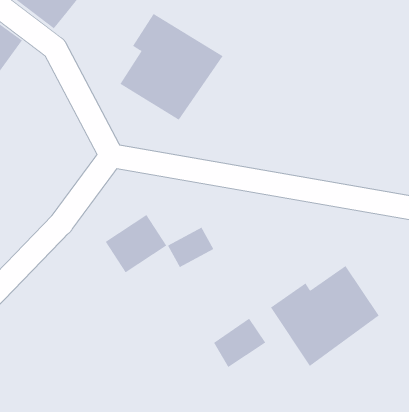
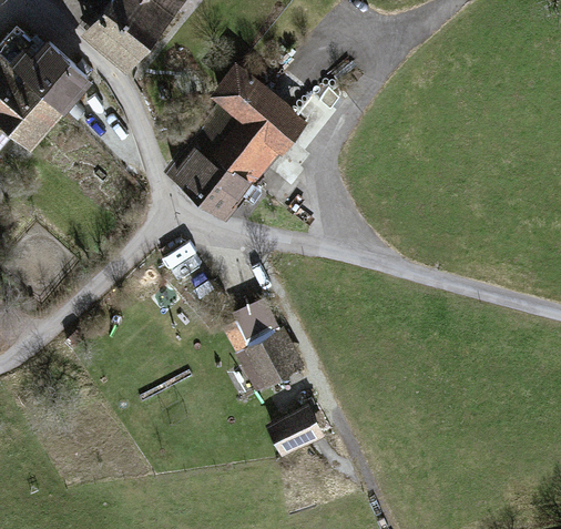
building: none -> [165,138,253,221]
building: [105,214,167,273] -> [235,333,303,395]
building: [270,265,380,367] -> none

